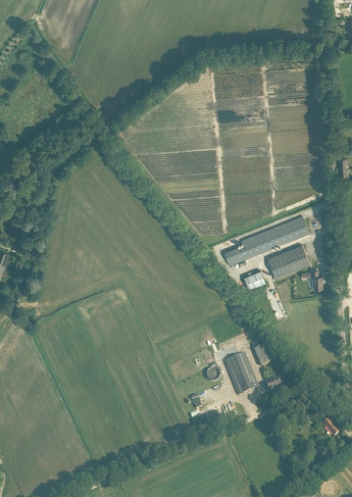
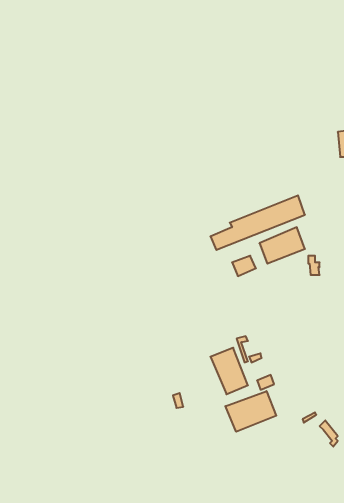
building: none -> [225,391,276,432]

